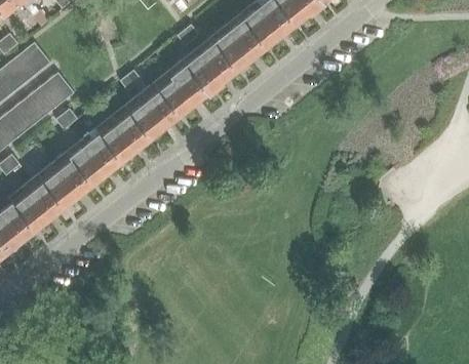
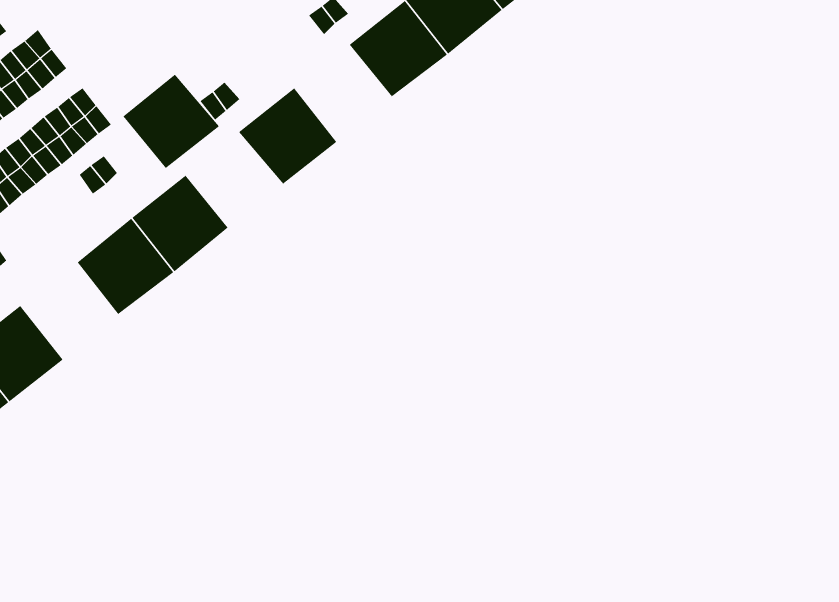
building: [171,52,223,104] -> none
building: [114,98,165,149] -> [123,74,220,169]
building: [27,167,78,218] -> none

